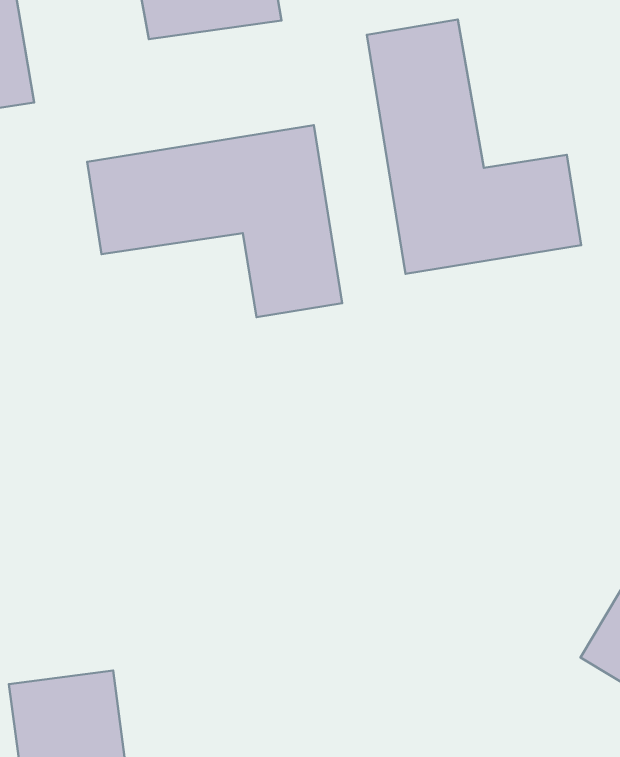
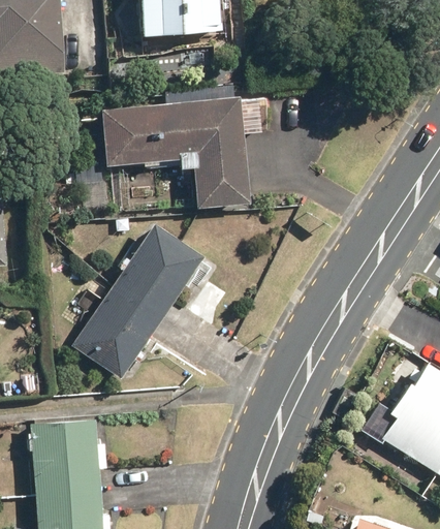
building: [367,19,581,274] -> none
building: none -> [69,221,203,377]

